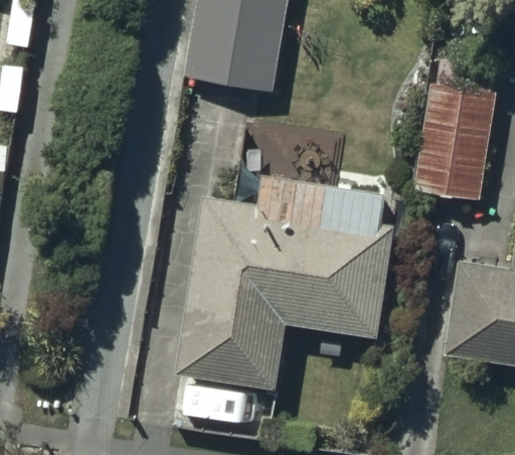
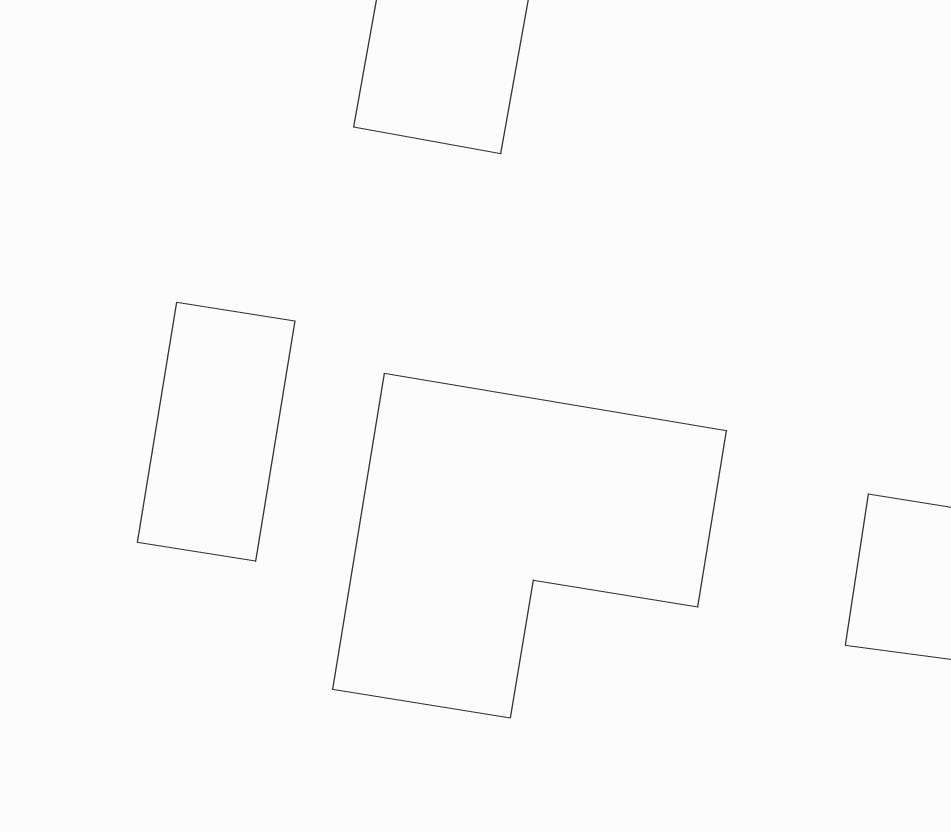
building: [416,75,494,199] -> none
building: none -> [138,302,295,561]

